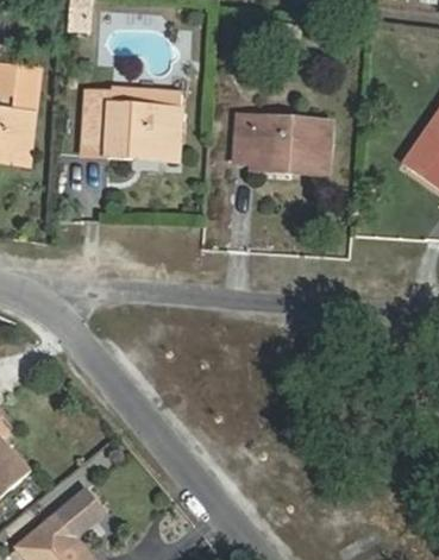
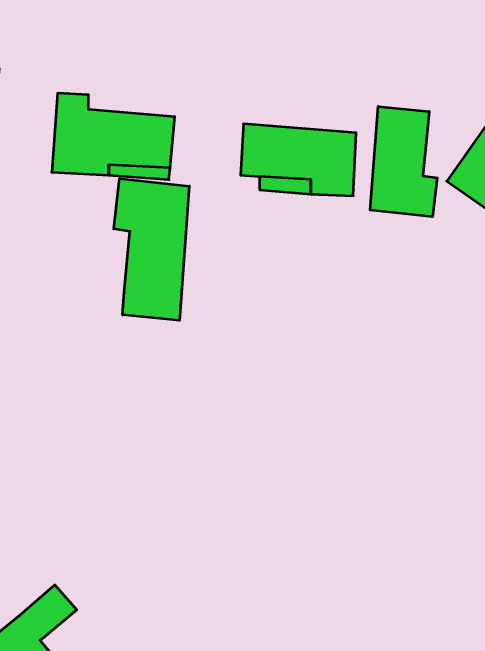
building: none -> [370,106,437,217]
building: none -> [114,179,189,320]

